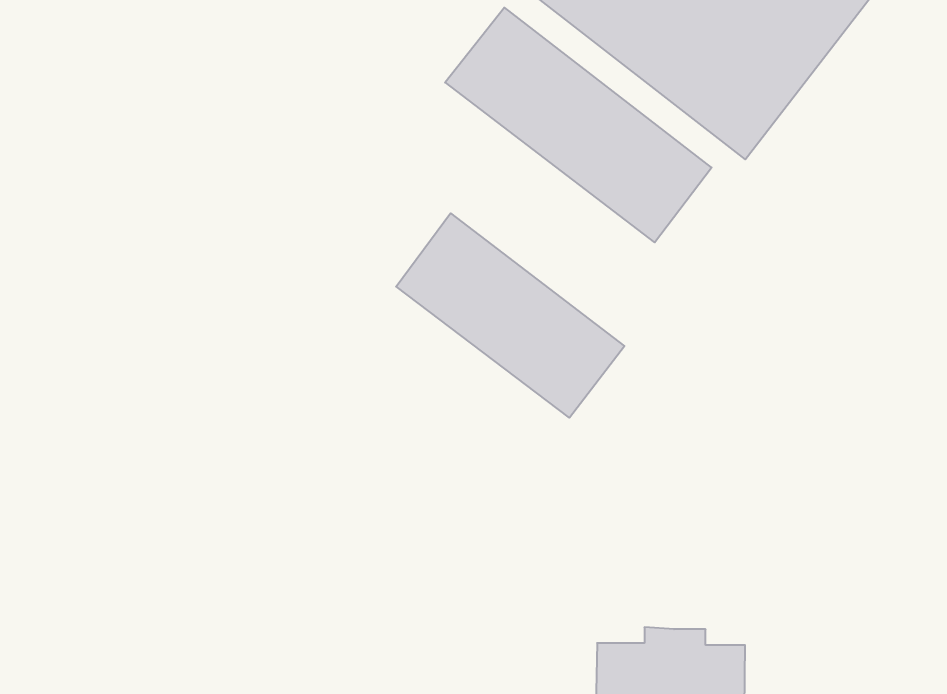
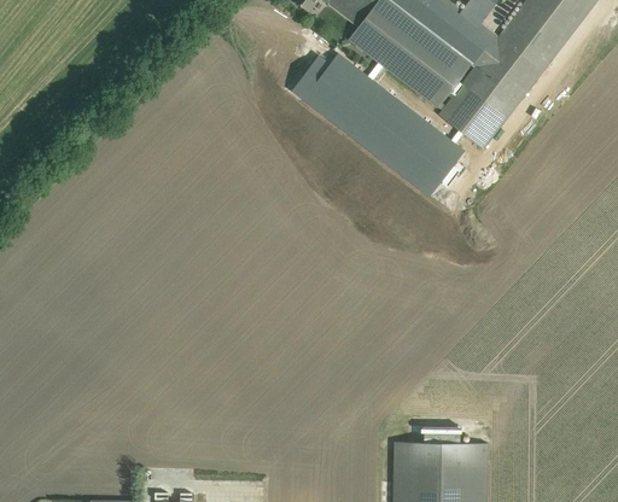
building: [396,213,624,418] -> none

